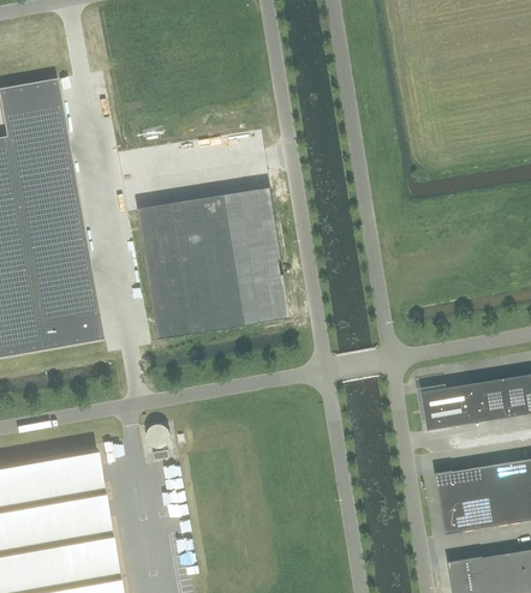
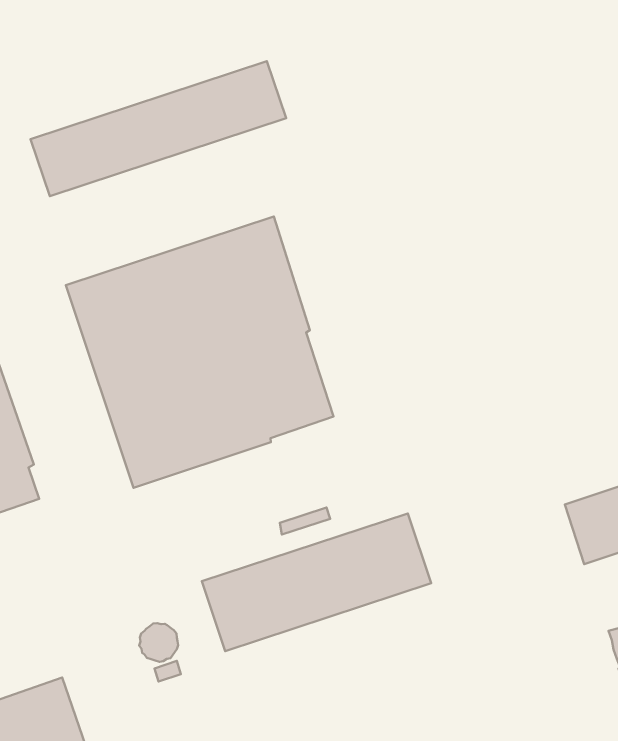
building: none -> [30,61,286,196]
building: none -> [202,513,431,651]

